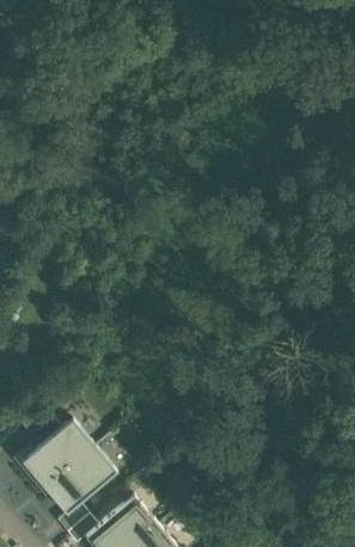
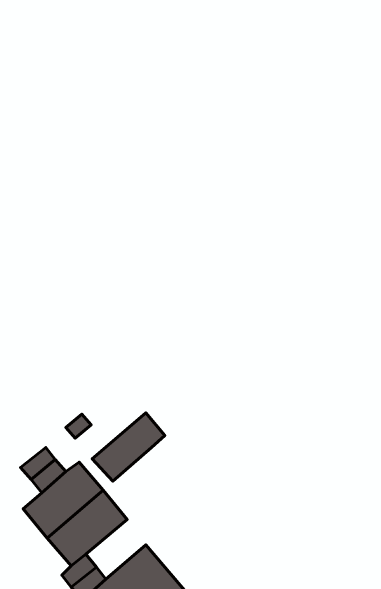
building: none -> [92,413,165,481]

